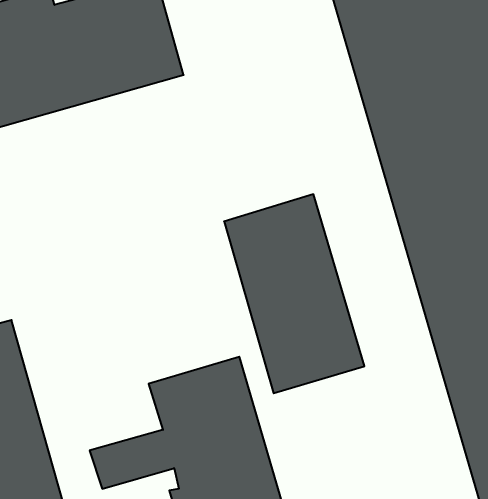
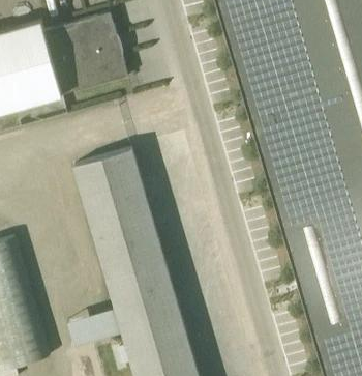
building: [224,194,364,393] -> [73,150,164,280]

